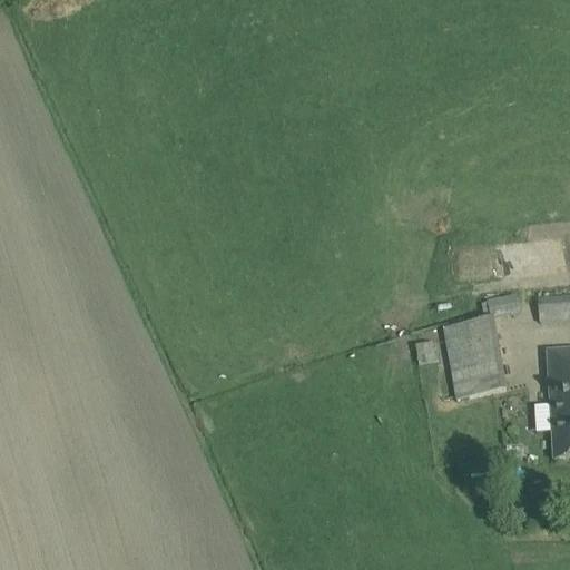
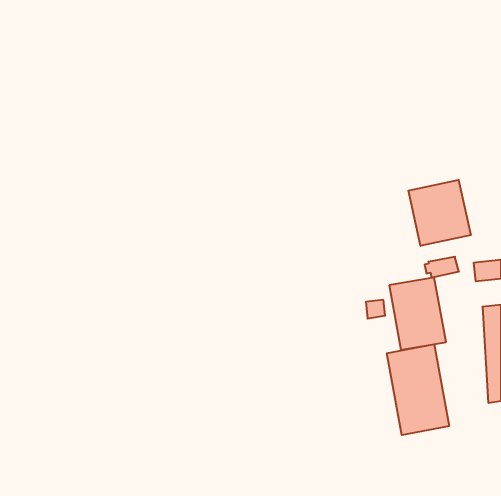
building: none -> [408,180,471,246]
building: none -> [387,344,449,435]

